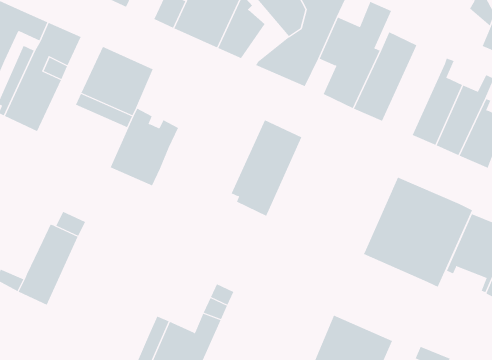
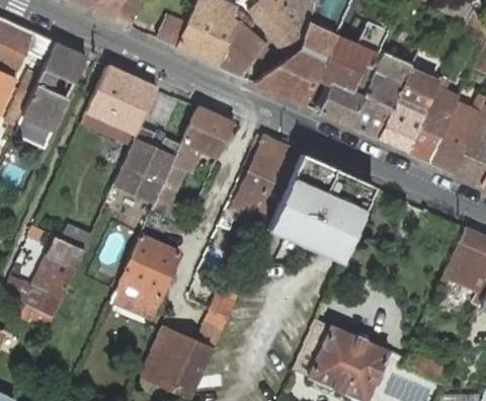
building: none -> [379,69,438,151]
building: none -> [152,106,234,215]
building: [363,177,473,288] -> [267,153,374,260]
building: none -> [111,235,179,314]

